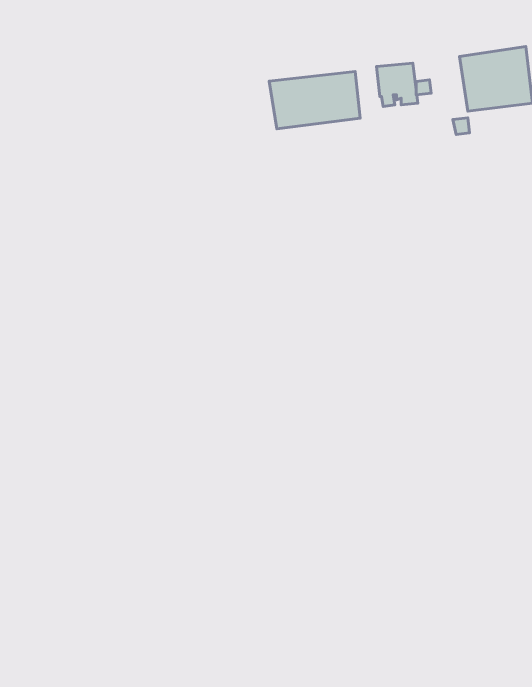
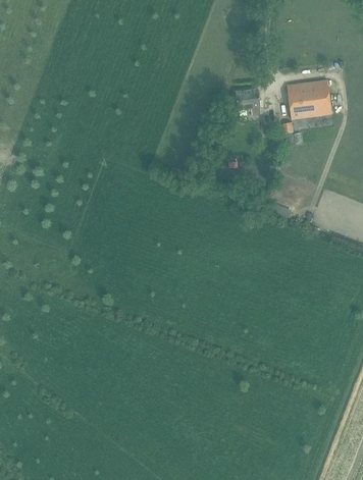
building: [269,71,360,129] -> none

